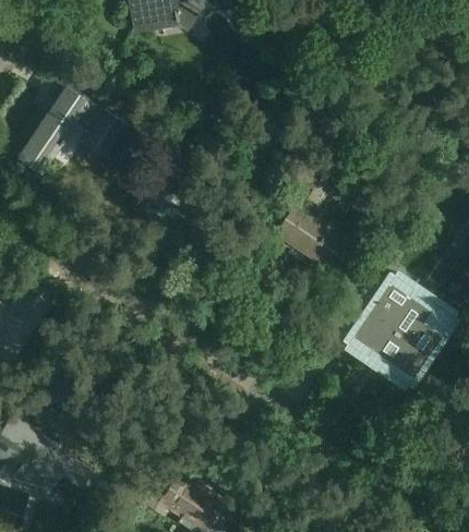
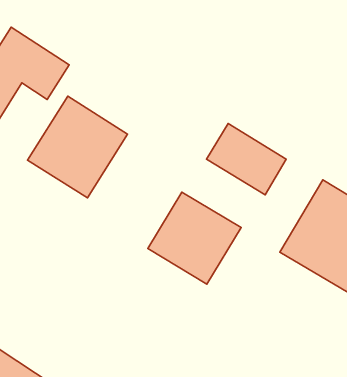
building: none -> [27,96,127,198]
building: none -> [148,192,241,284]

